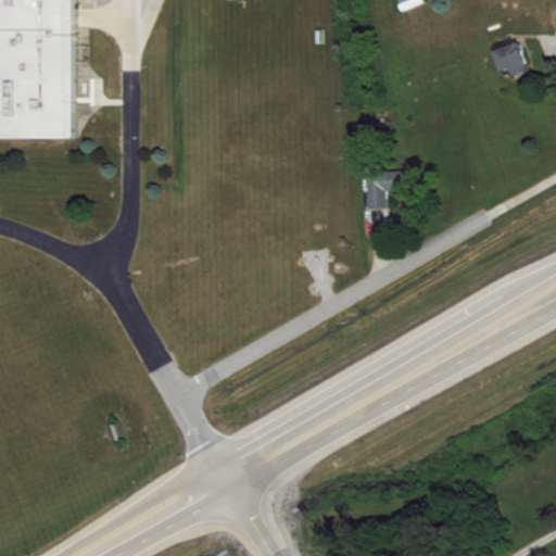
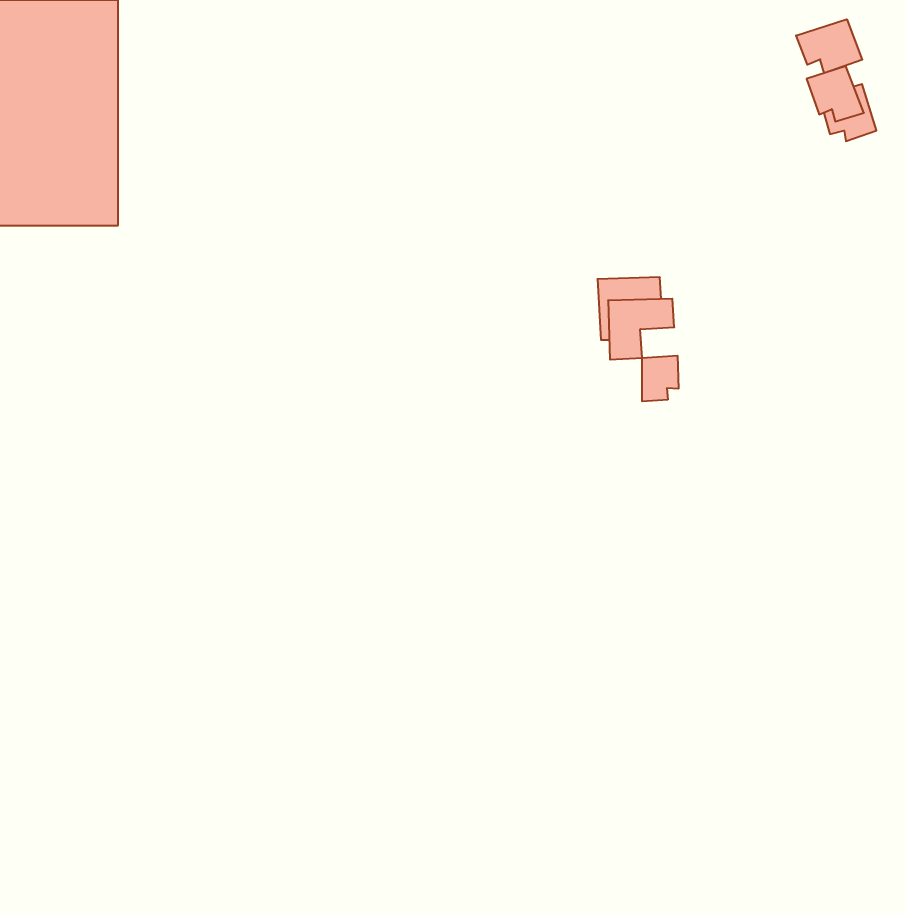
building: none -> [796,19,862,73]
building: none -> [642,356,678,401]

